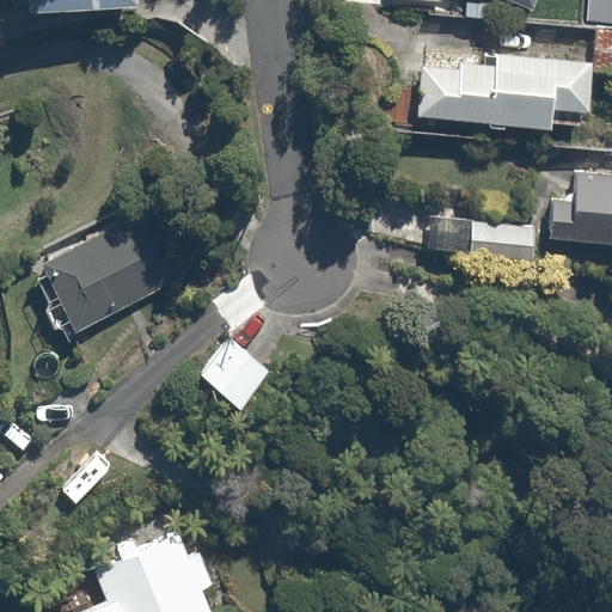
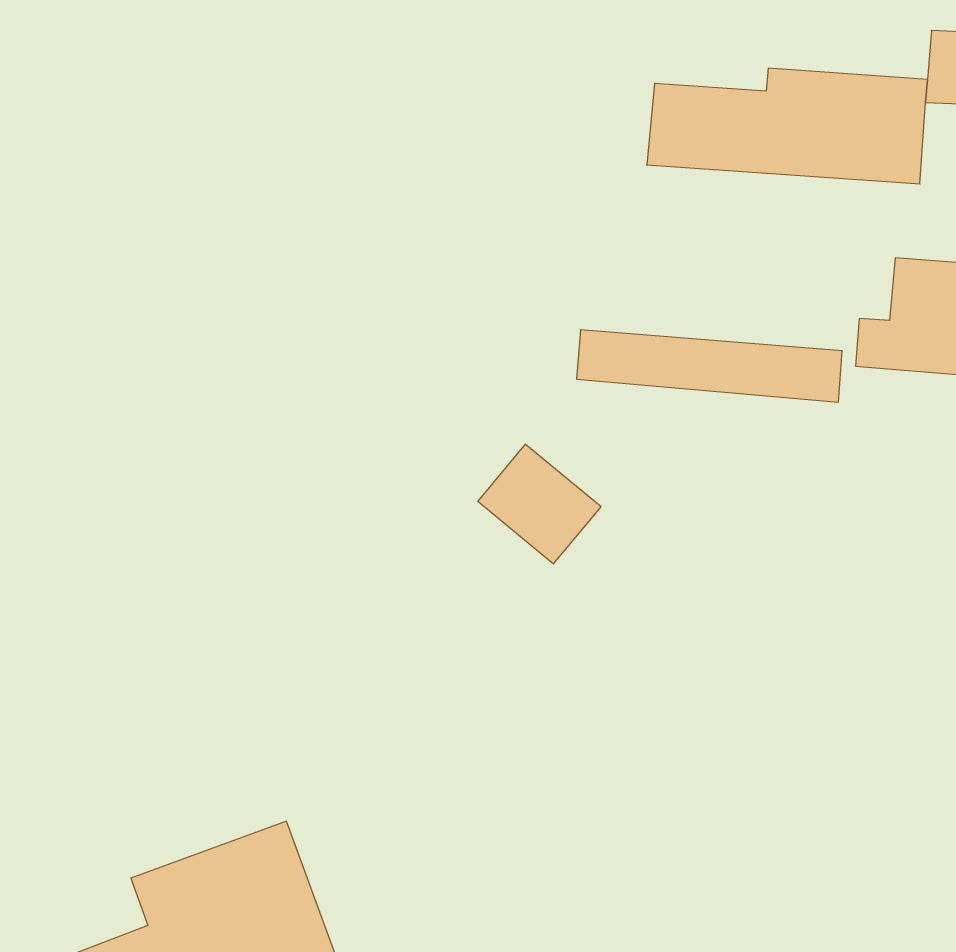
building: [36,200,195,342] -> none
building: [194,335,271,410] -> [478,444,601,564]

